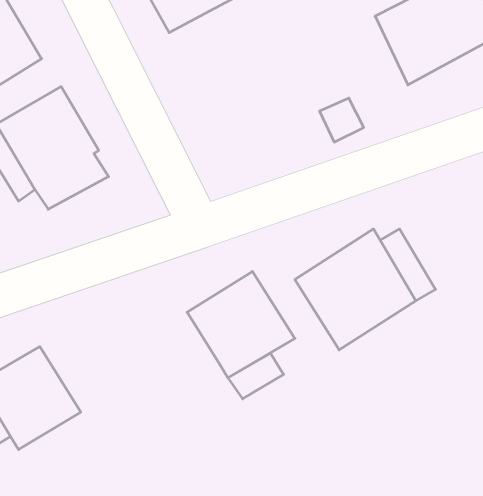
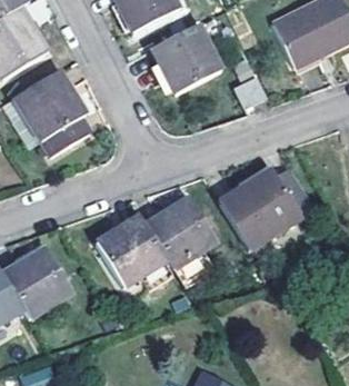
building: none -> [150,24,221,95]
building: none -> [96,216,167,286]

